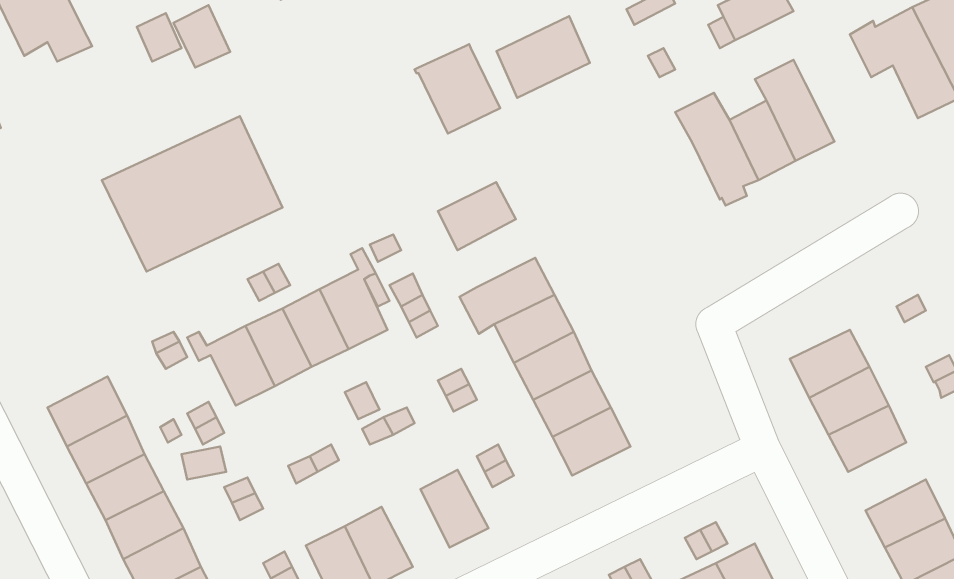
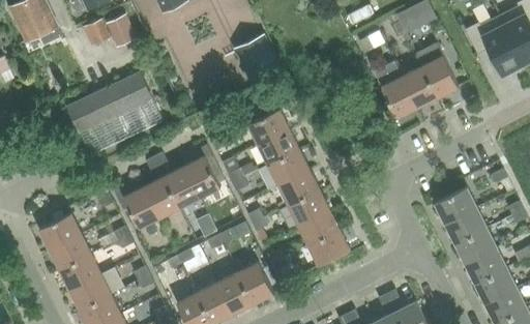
building: [497,16,590,98] -> none
building: none -> [257,129,298,166]
building: none -> [465,248,506,285]
building: none -> [216,273,253,315]

